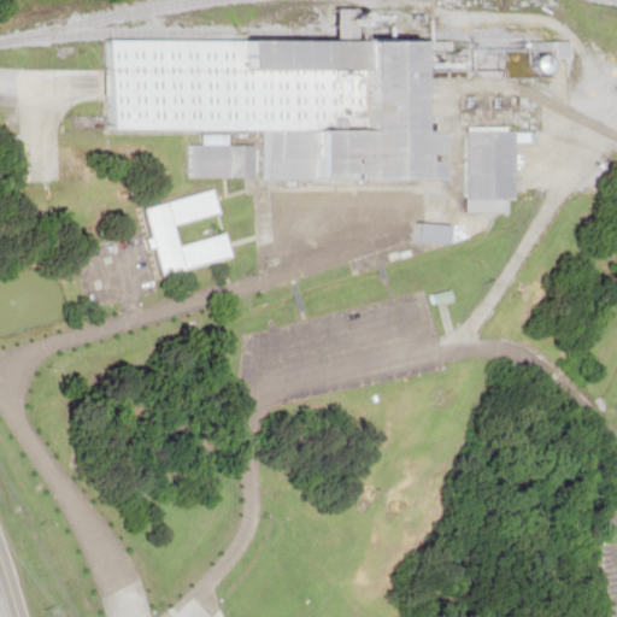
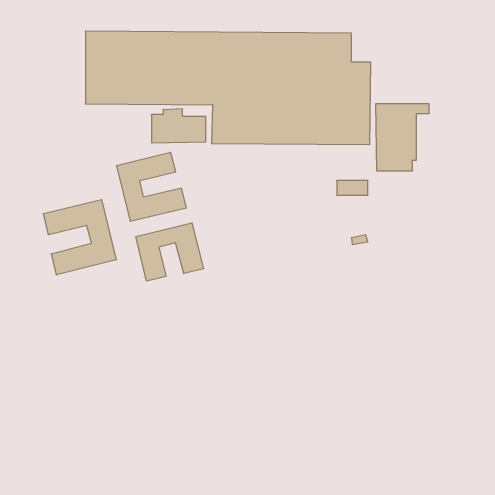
building: none -> [43,200,116,275]
building: none -> [136,223,204,281]

